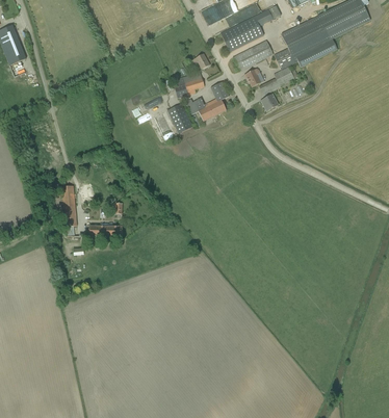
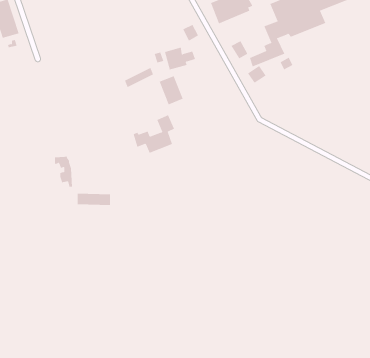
building: [236,38,274,68] -> none
building: [186,80,229,120] -> [133,115,175,154]

